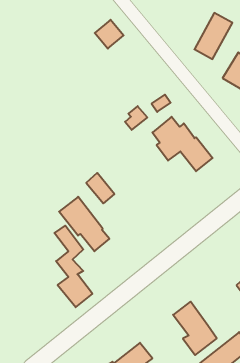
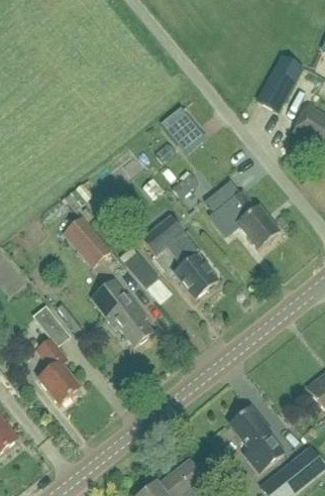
building: [95,20,124,49] -> [161,108,197,143]
building: none -> [142,215,218,297]
building: none -> [65,218,109,266]
building: [54,226,92,307] -> [33,304,80,404]

